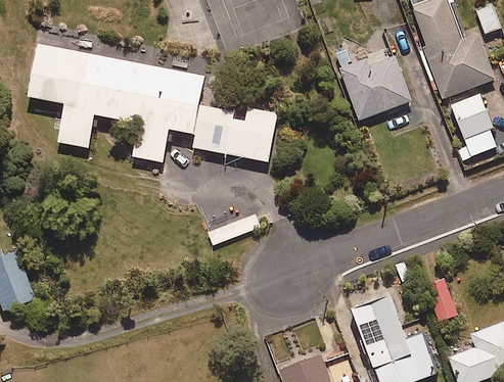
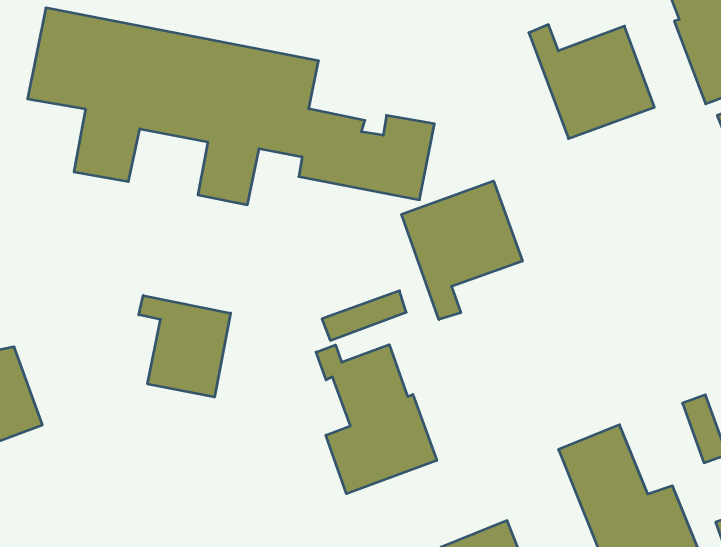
building: none -> [402,181,522,320]
building: none -> [139,295,231,397]
building: none -> [316,345,437,494]

